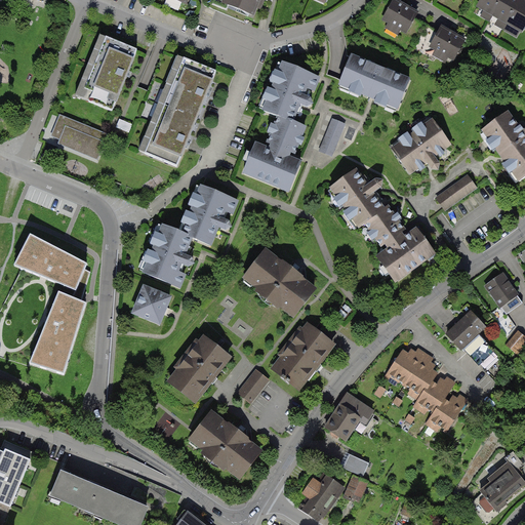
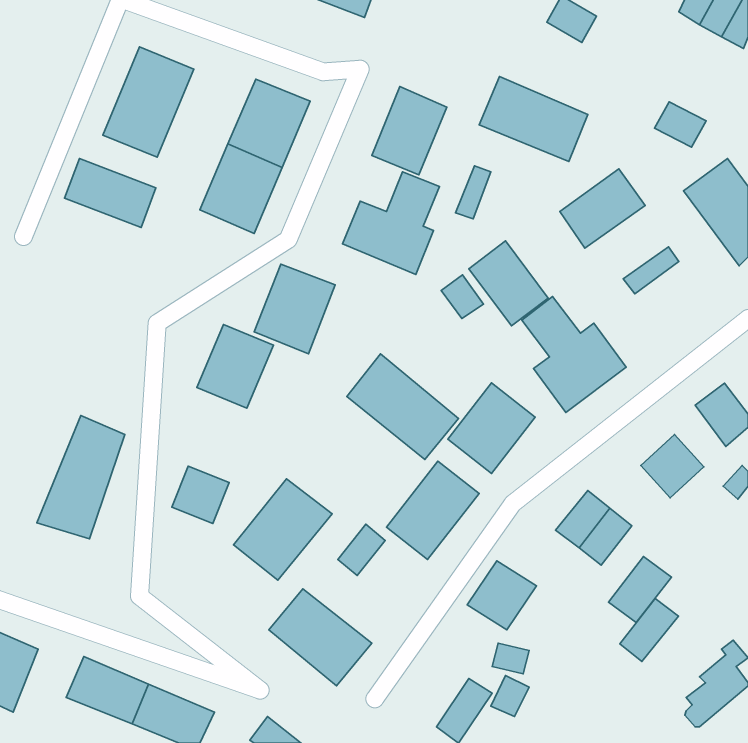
building: [429,23,465,54] -> [655,102,706,147]
building: none -> [441,275,483,318]
building: [10,230,88,292] -> none
building: none -> [448,383,535,474]
building: [131,285,171,325] -> [172,466,229,523]
building: [412,372,453,416] -> [620,598,679,662]

